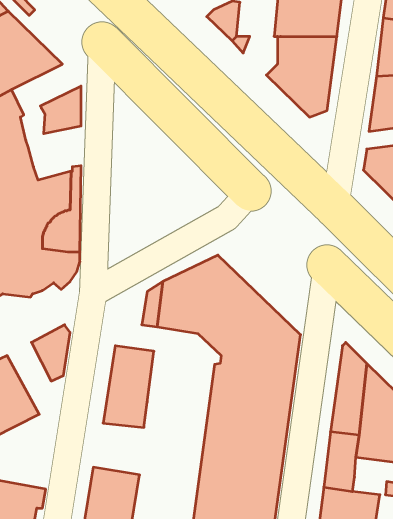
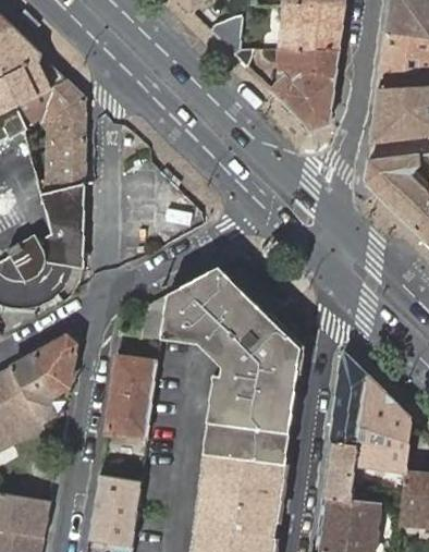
building: none -> [16,78,86,128]
building: none -> [30,139,85,193]
building: none -> [12,353,58,424]

